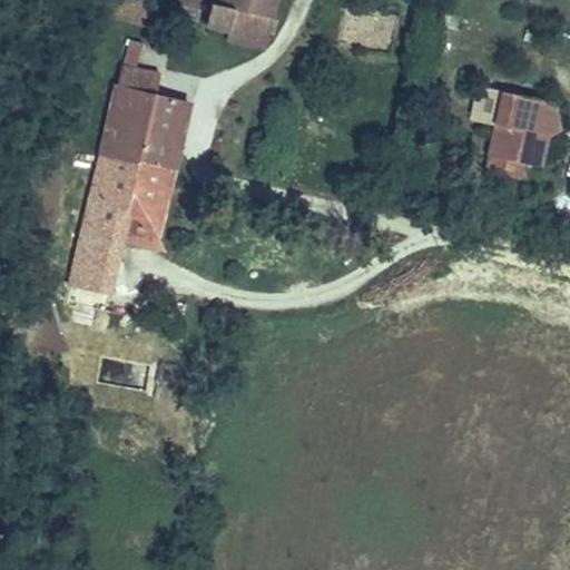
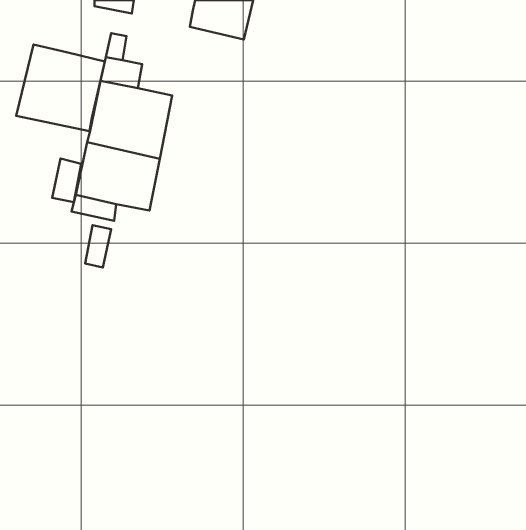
building: none -> [16,44,105,131]
building: [488,96,554,185] -> none
building: [72,236,104,283] -> [52,159,81,202]

